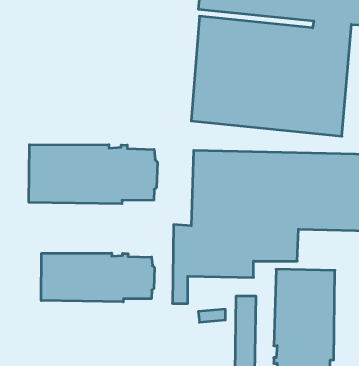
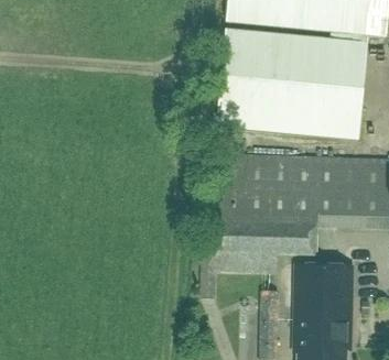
building: [29,145,157,204] -> none
building: [41,253,155,302] -> none

